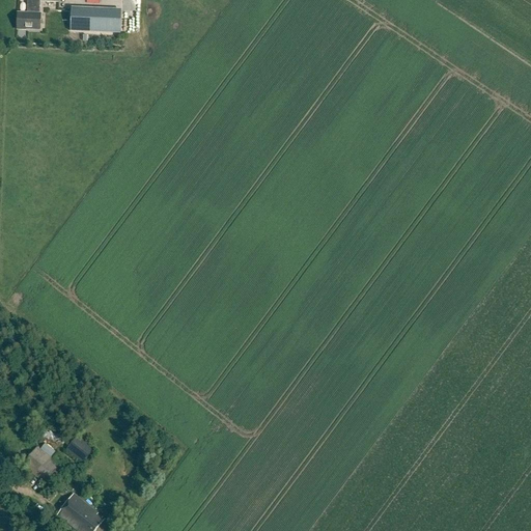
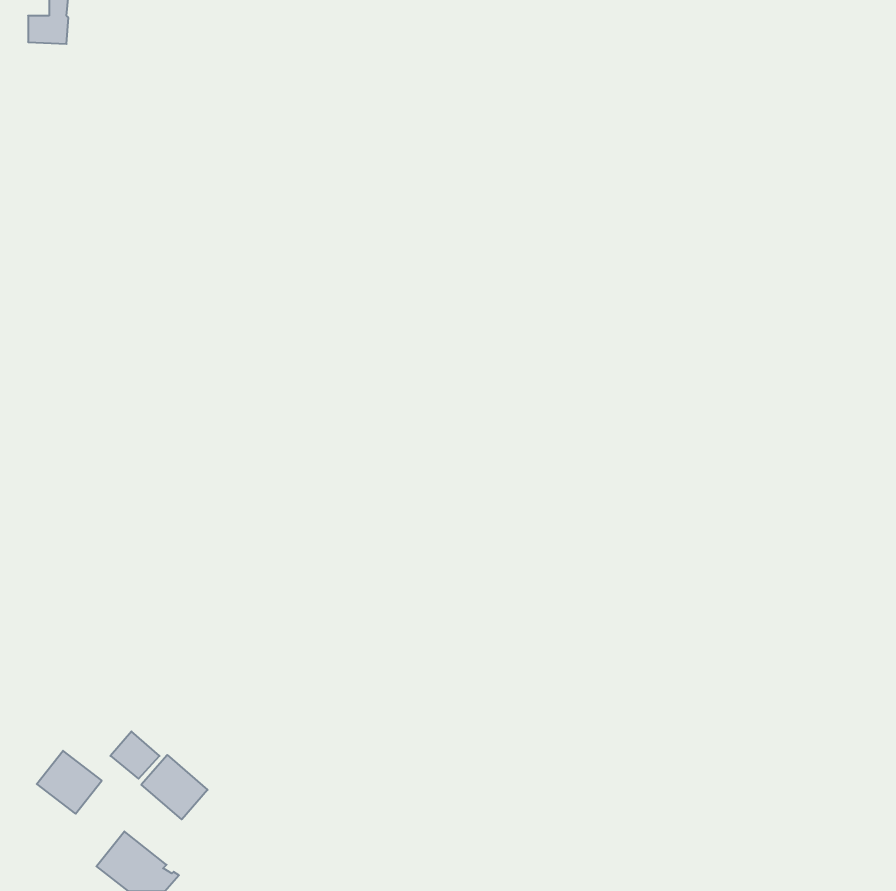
building: [71,4,121,31] -> none
building: none -> [141,755,208,819]

